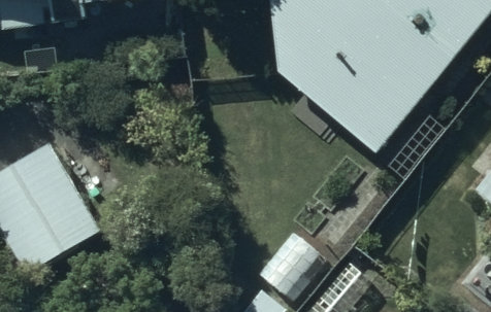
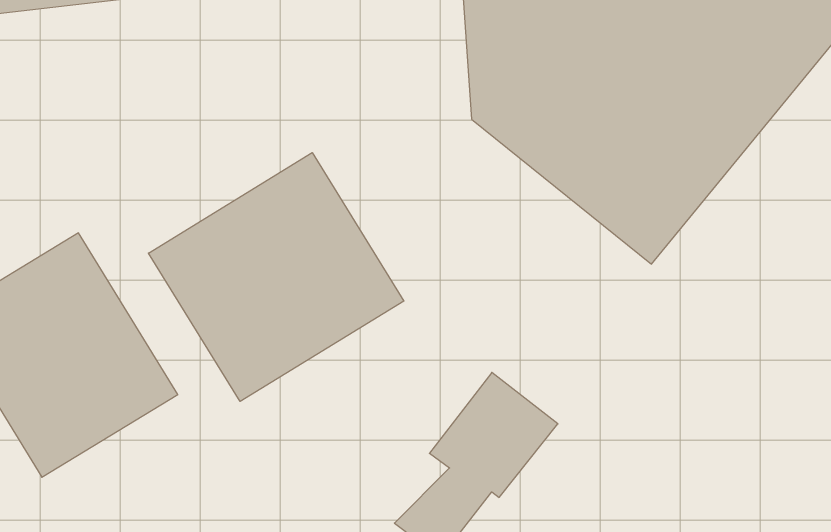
building: none -> [148,153,404,401]

